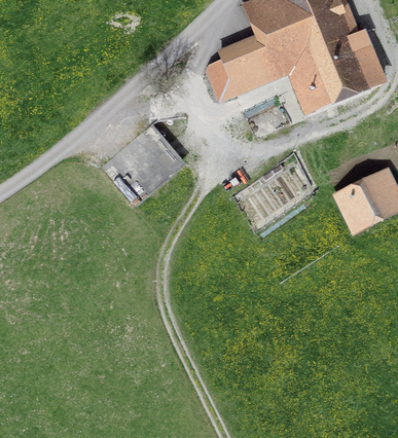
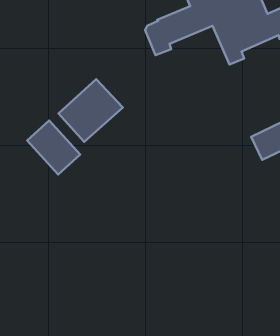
building: none -> [27,121,80,175]

